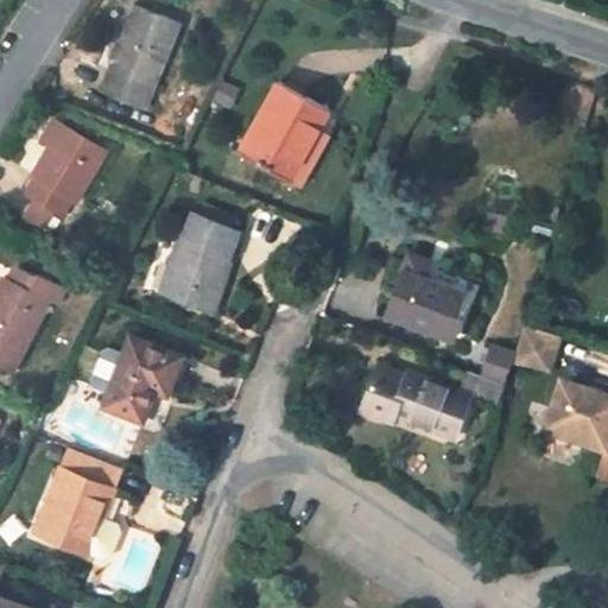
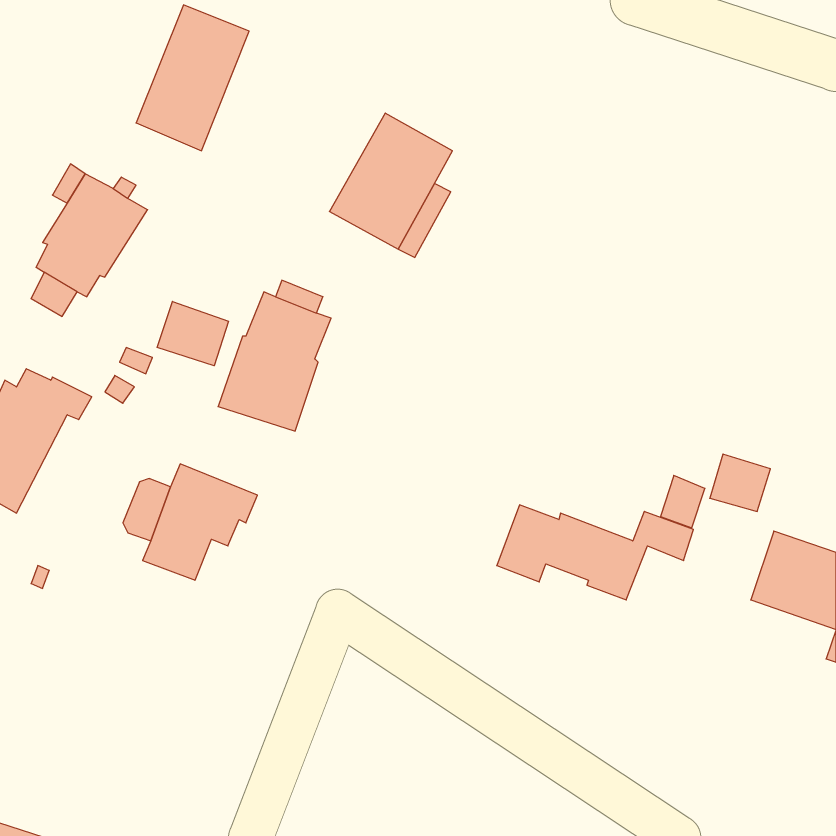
building: none -> [157,301,228,366]
building: [386,255,469,340] -> none
building: [34,448,124,558] -> none

